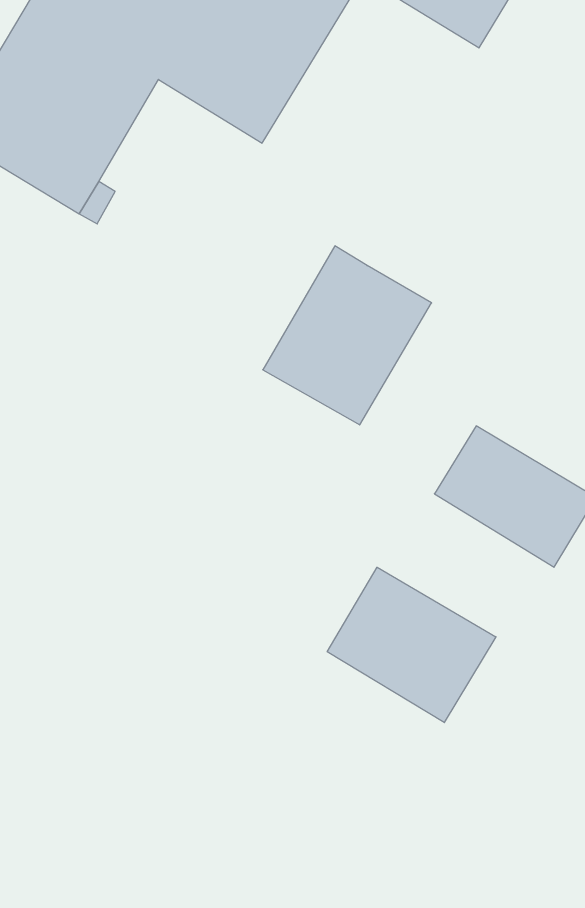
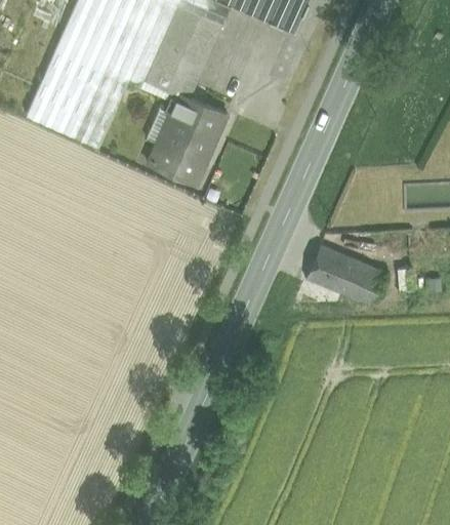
building: [263,246,432,425] -> [142,91,228,185]
building: [327,567,496,723] -> none

